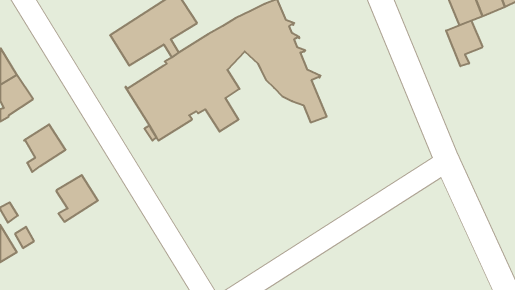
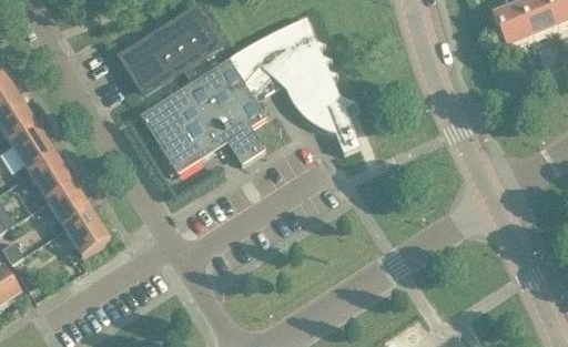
building: [446,21,482,66] -> none
building: none -> [12,126,57,178]
building: none -> [47,182,92,233]

